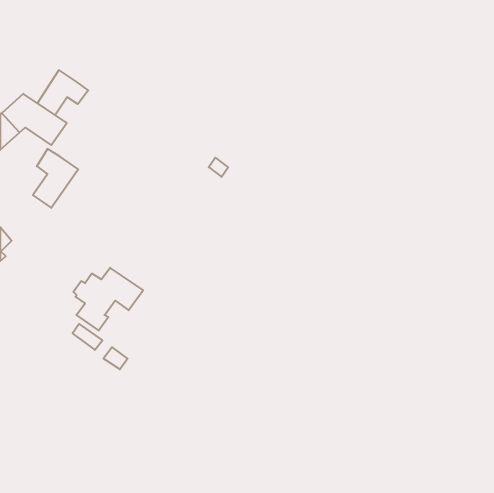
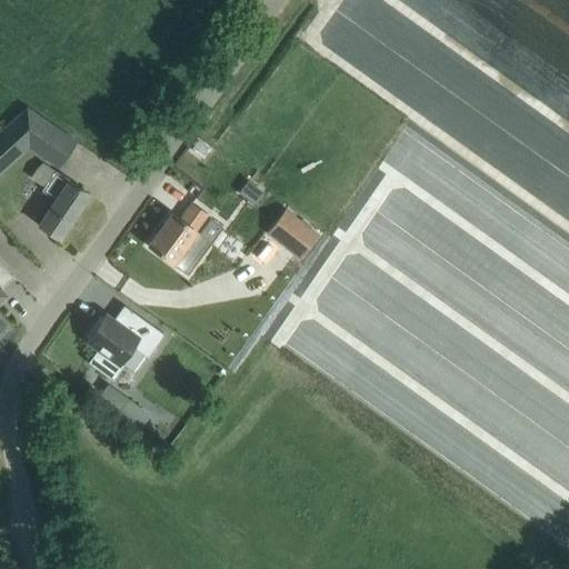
building: [37,70,88,115] -> none
building: none -> [149,204,211,276]
building: none -> [268,211,317,258]

